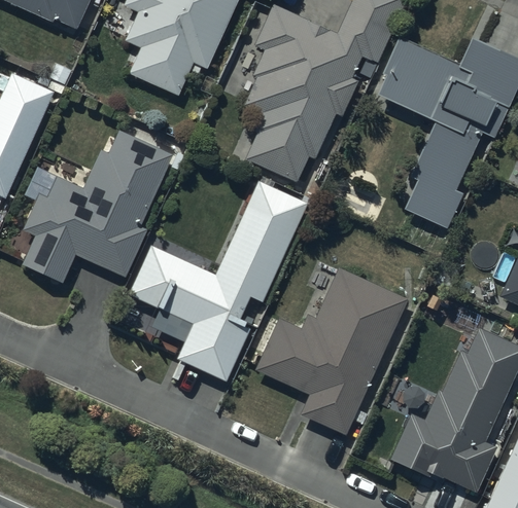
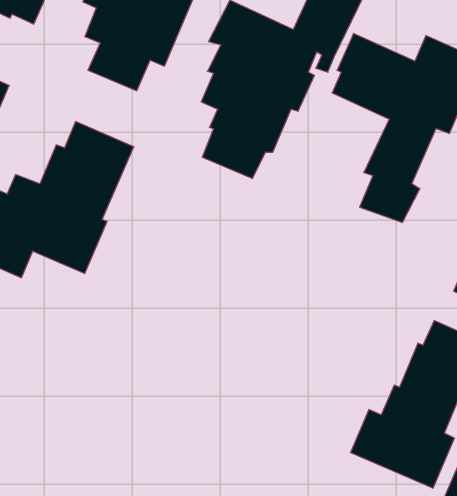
building: [130,181,308,382] -> none
building: [254,266,408,435] -> none

